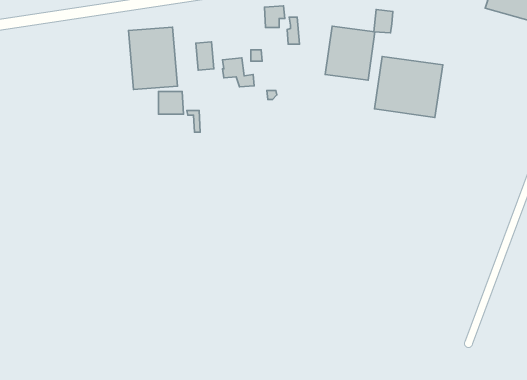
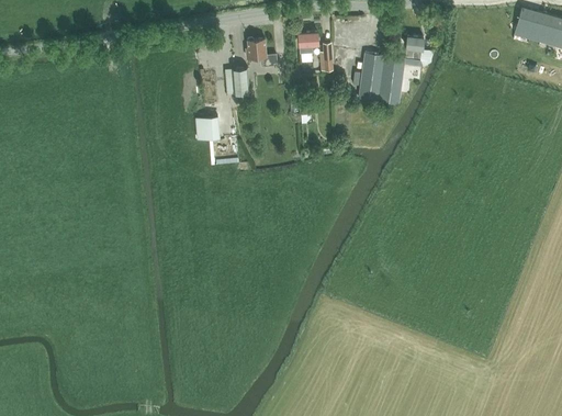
building: [129,27,177,90] -> none
building: [374,57,443,117] -> none
building: [223,58,254,87] -> [246,38,277,67]

